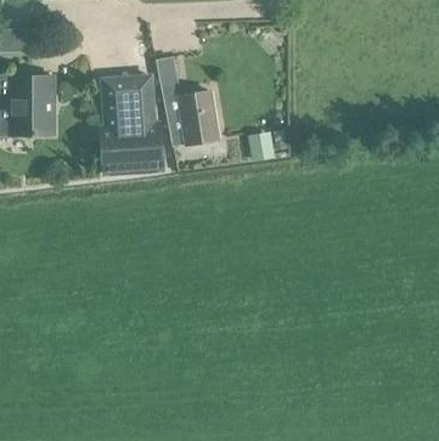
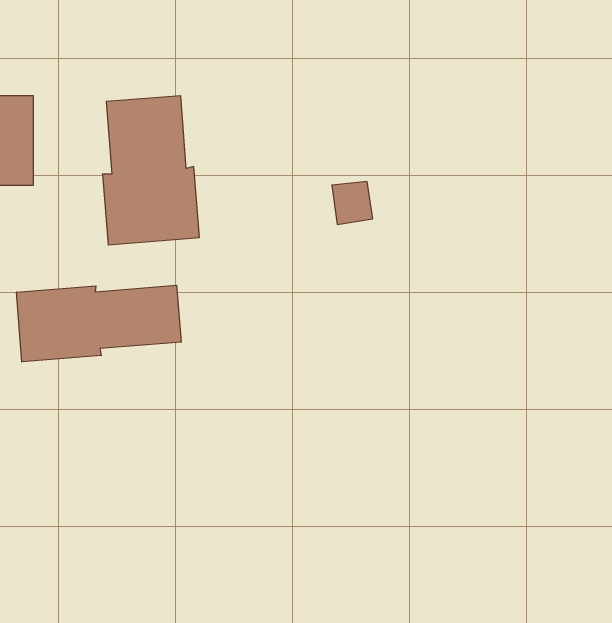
building: [157,57,220,147] -> none
building: none -> [17,285,181,362]

